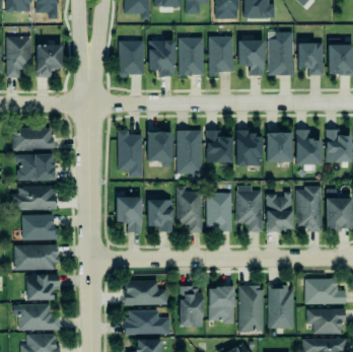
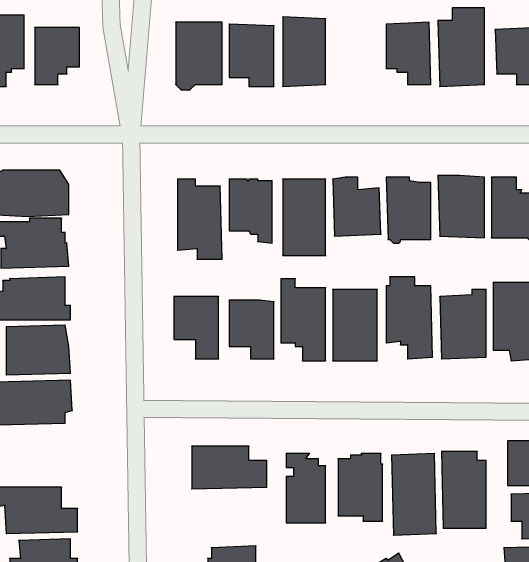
building: [210,38,234,78] -> none
building: [27,276,60,301] -> none
building: [125,310,170,335] -> none

